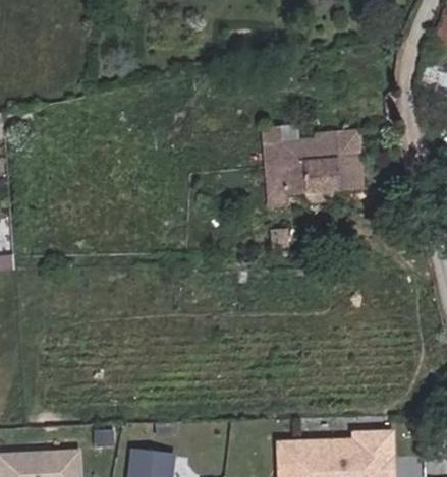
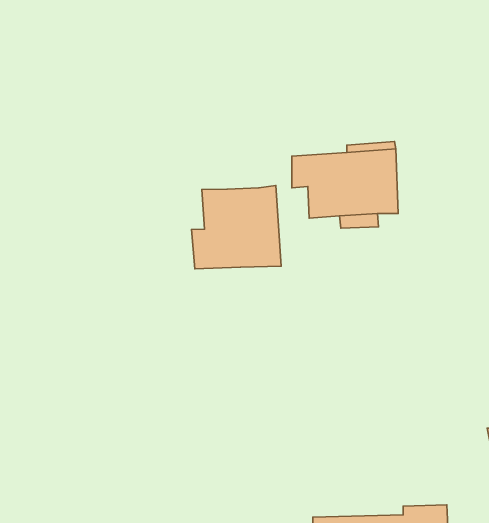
building: none -> [191,185,281,269]

